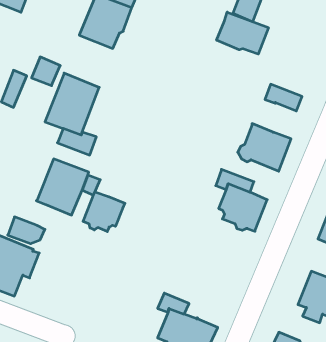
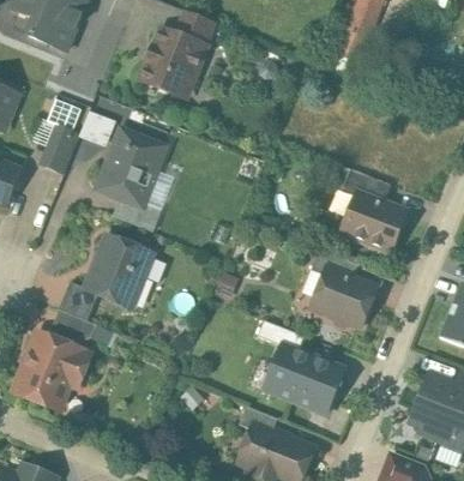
building: [217,12,268,54] -> none
building: [265,84,302,111] -> [343,168,390,202]
building: [83,192,125,232] -> none
building: none -> [58,281,97,319]
building: none -> [263,343,343,413]

